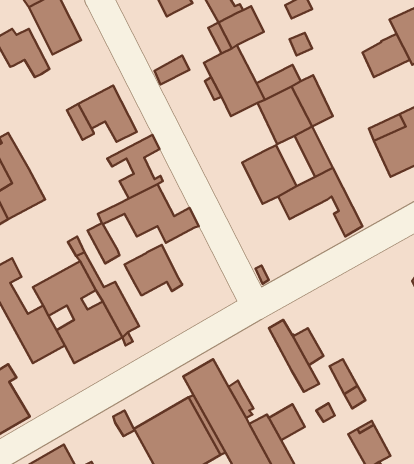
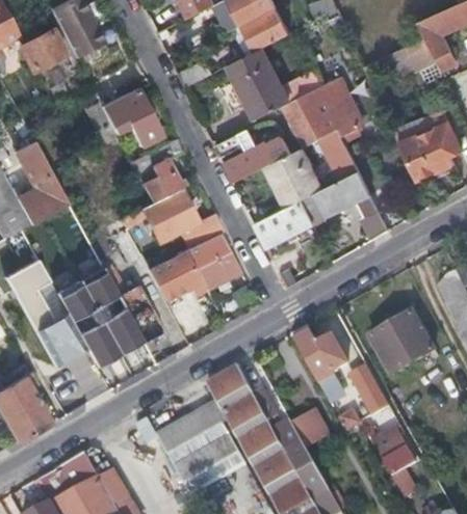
building: none -> [214,130,290,183]
building: none -> [255,200,314,247]
building: none -> [185,232,240,290]
building: none -> [370,312,433,374]

